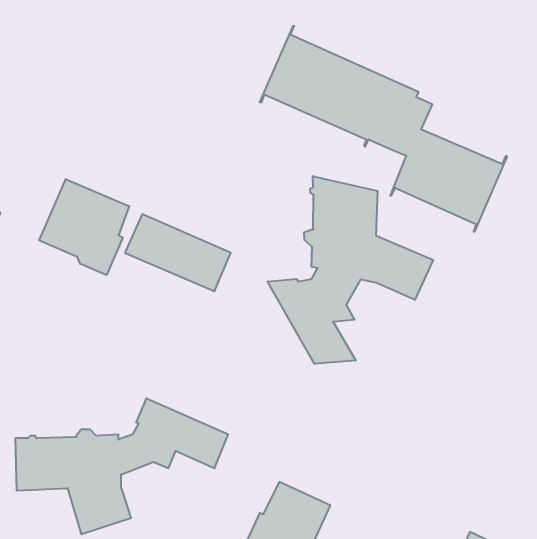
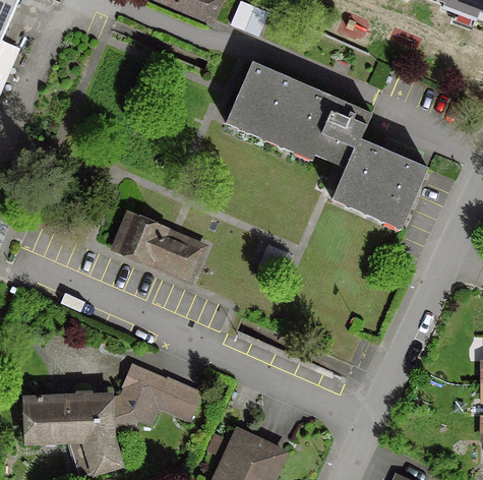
building: [268,176,433,364] -> none
building: [39,179,129,275] -> none

